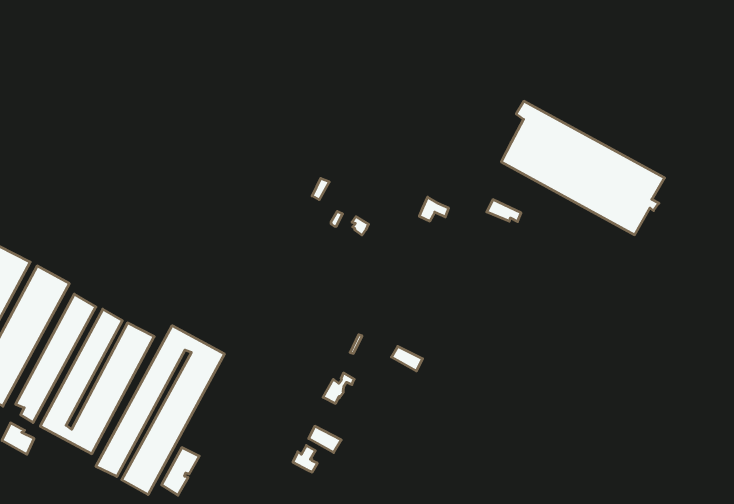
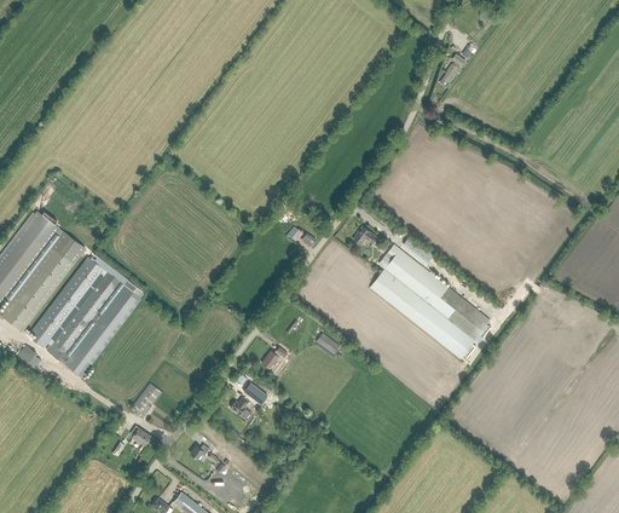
building: [501,101,665,235] -> [370,244,490,357]
building: [96,326,224,495] -> none

